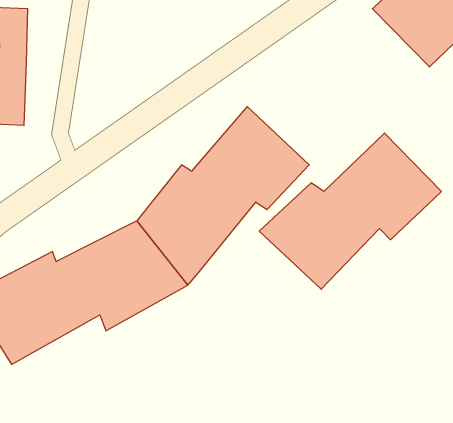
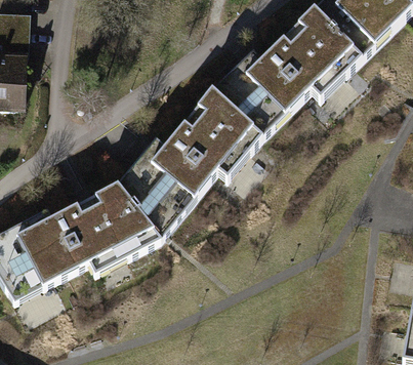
building: [259,133,441,289] -> [209,12,360,141]

